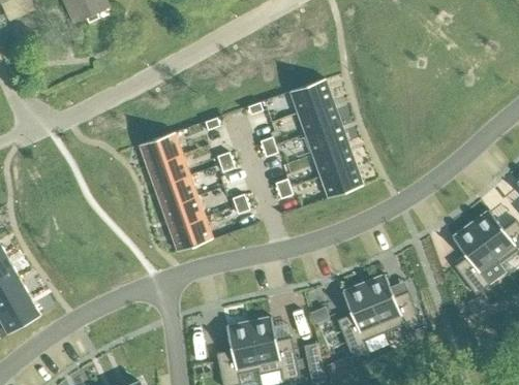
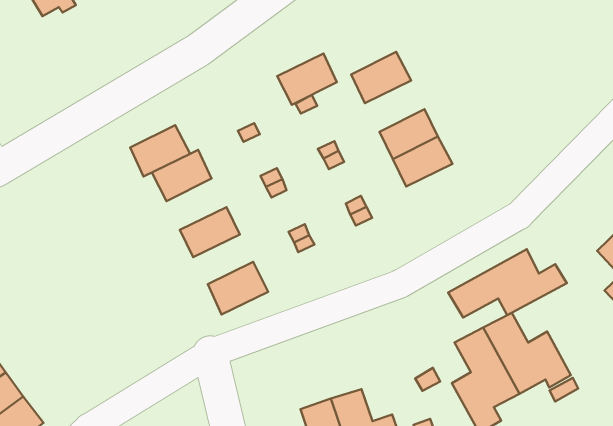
building: [297,99,339,133] -> [277,54,337,105]
building: [147,153,189,187] -> [130,125,190,176]
building: [319,162,362,197] -> none
building: [161,195,204,228] -> none
building: none -> [448,249,567,318]

